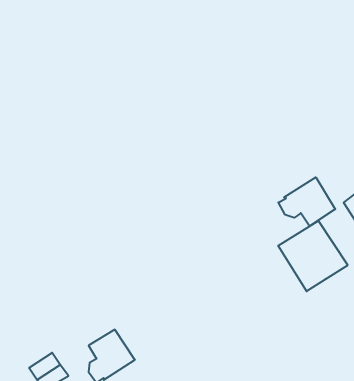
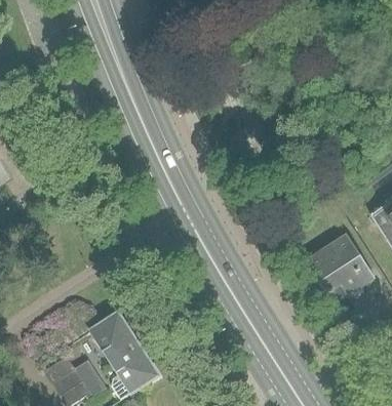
building: [278,177,335,226] -> none
building: none -> [88,313,140,361]

